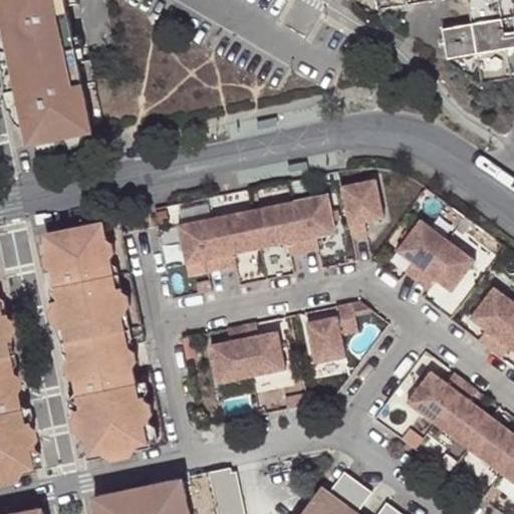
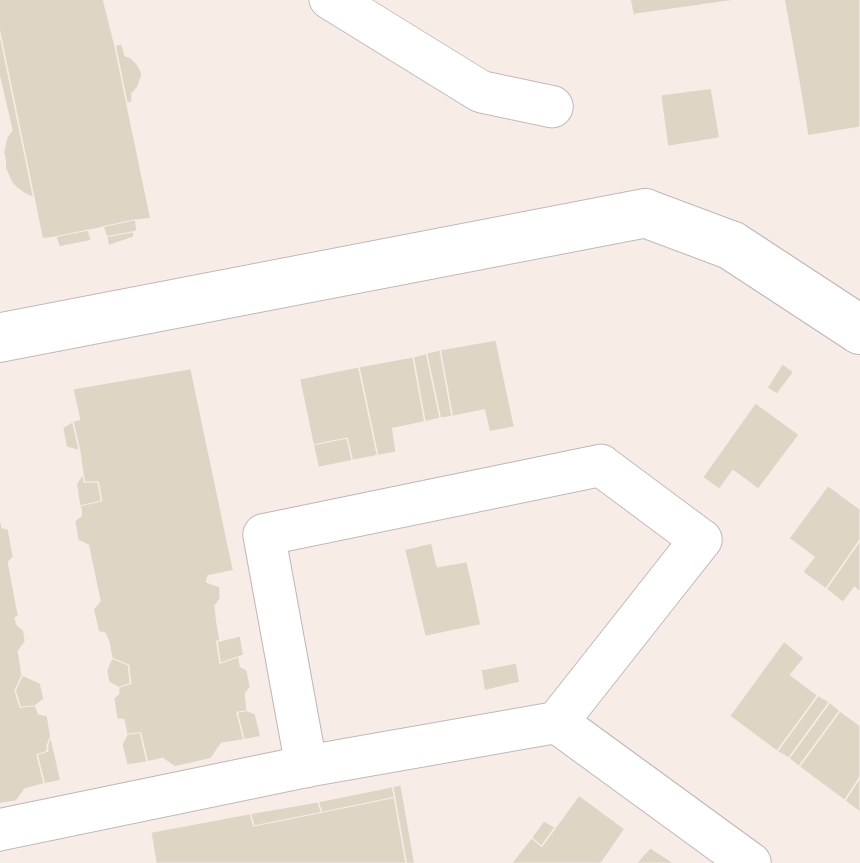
building: [440,26,475,60] -> [661,88,720,146]
building: [340,179,384,238] -> none
building: [294,195,336,253] -> none
building: [395,218,448,283] -> none
building: [306,302,371,364] -> none
building: [210,326,252,384] -> none
building: [406,371,465,425] -> none

